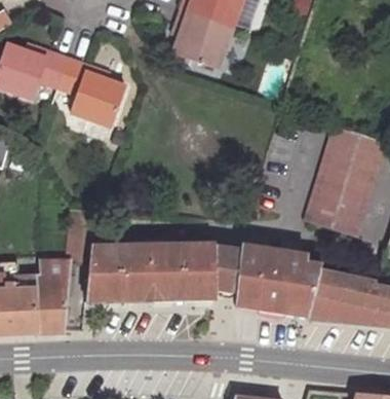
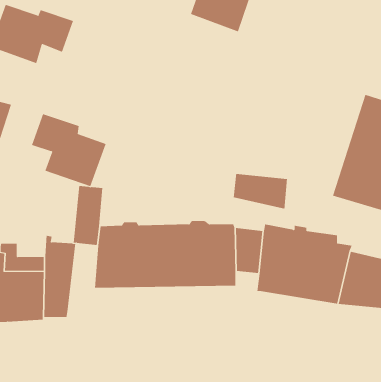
building: [58,60,127,126] -> [31,113,107,187]
building: none -> [233,173,288,210]

